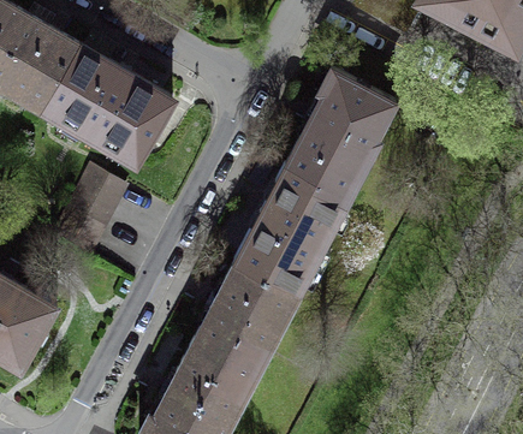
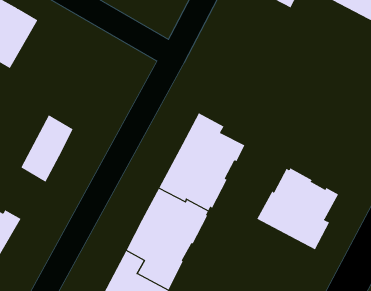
building: [43,49,172,166] -> none
building: [286,72,396,210] -> none
building: none -> [257,168,339,250]

